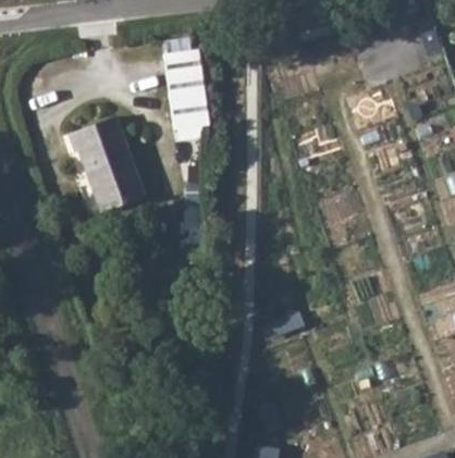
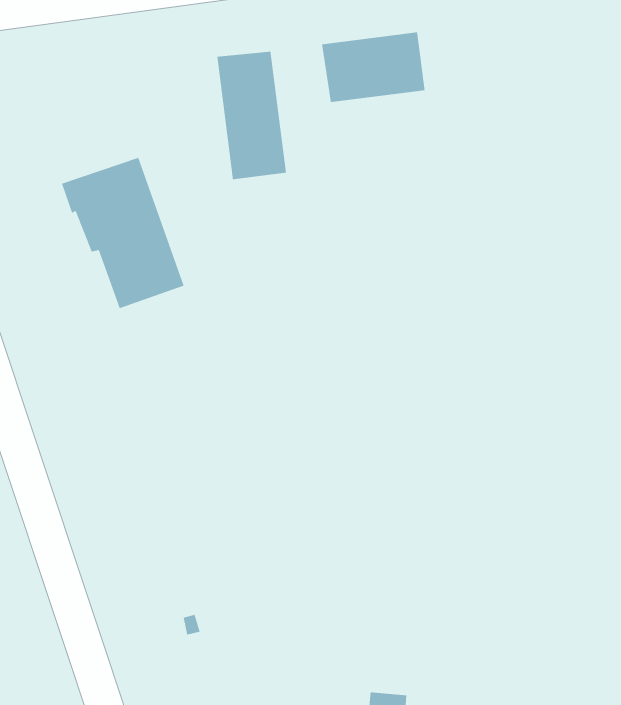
building: none -> [322,32,425,103]

